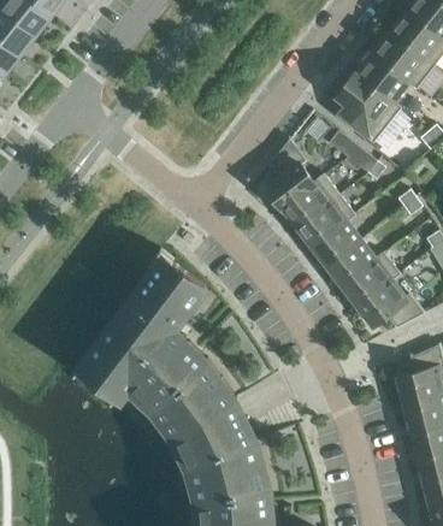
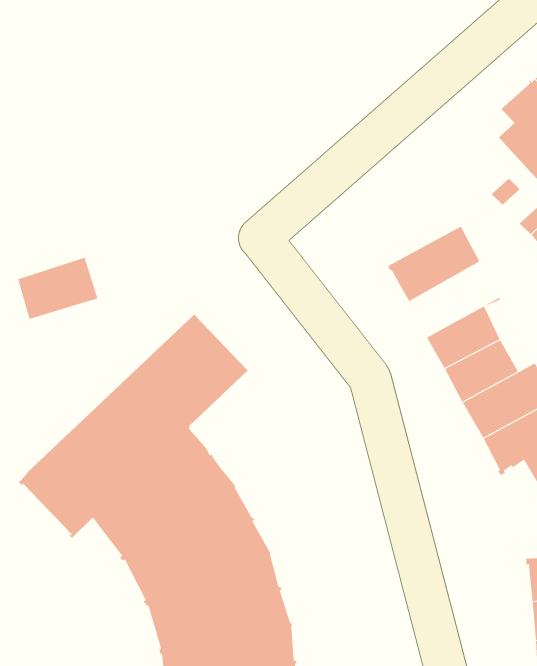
building: [266,140,324,207] -> none
building: [299,195,355,248] -> none
building: none -> [9,257,98,326]

